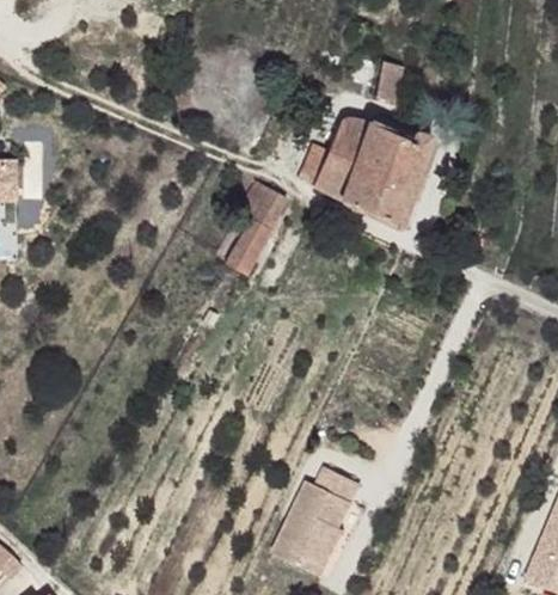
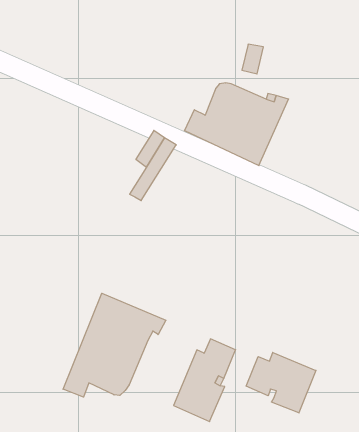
building: none -> [63,293,166,397]
building: none -> [246,352,316,413]

